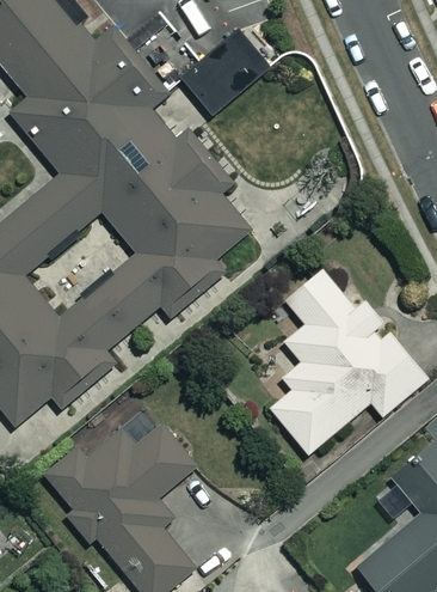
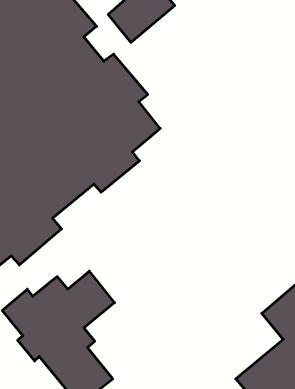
building: [267,267,426,452] -> none

